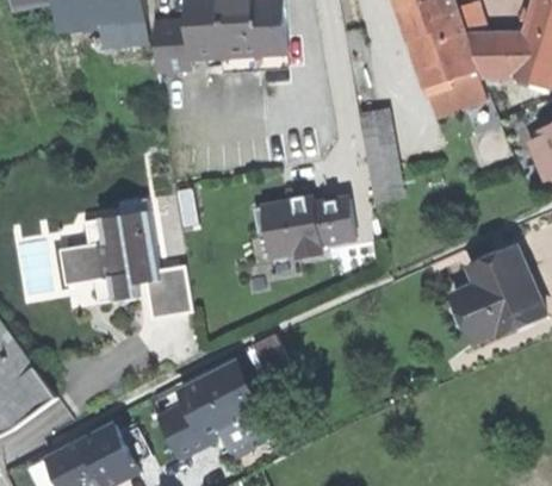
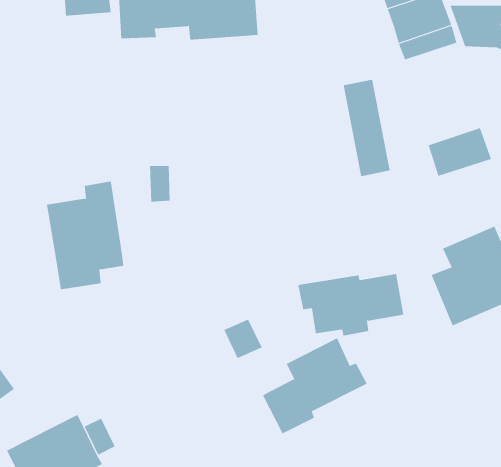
building: [423,70,484,117] -> [428,128,492,177]
building: [250,198,352,257] -> [297,273,404,336]
building: [57,247,93,287] -> none
building: [143,268,192,320] -> none
building: [157,366,258,457] -> [262,338,368,434]

